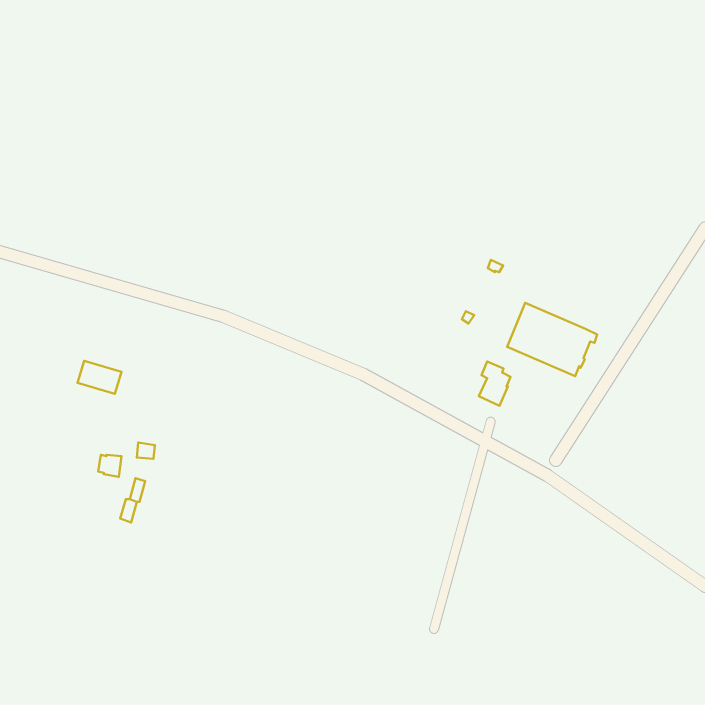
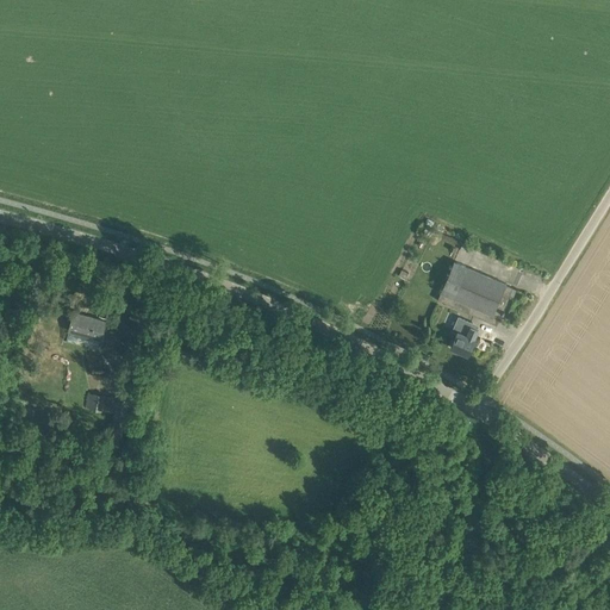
building: [479,362,511,406] -> [449,317,477,355]

